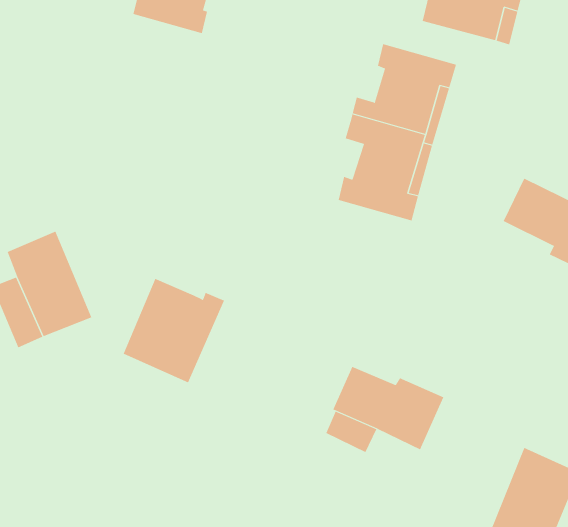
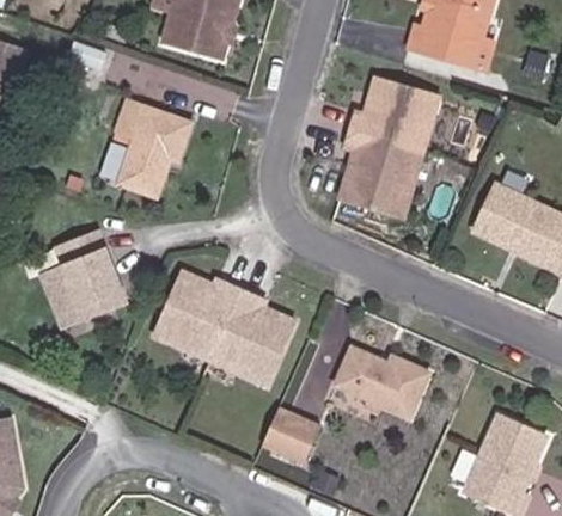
building: none -> [116,102,193,196]
building: none -> [209,289,294,385]
building: none -> [261,406,319,463]

